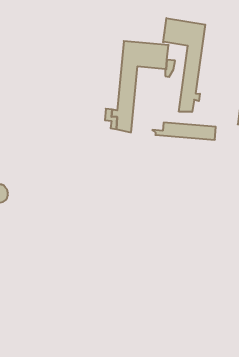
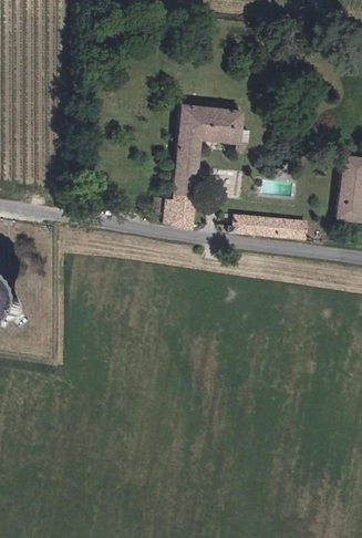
building: [163,18,205,112] -> none

